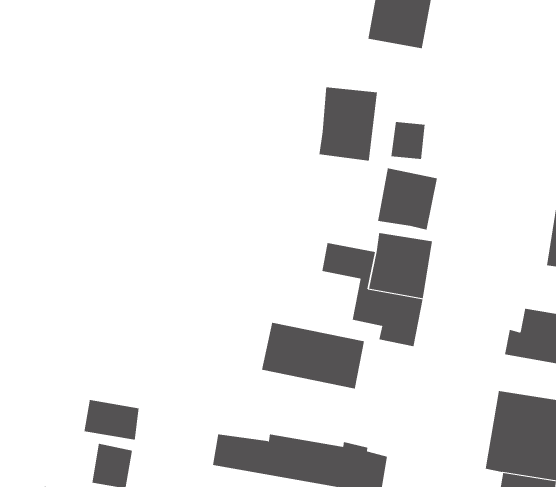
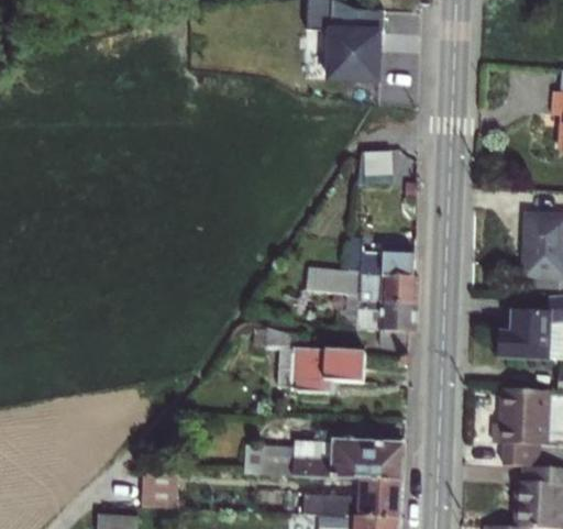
building: [319,87,378,162] -> none
building: [378,167,437,230] -> none
building: [84,399,139,441] -> none

